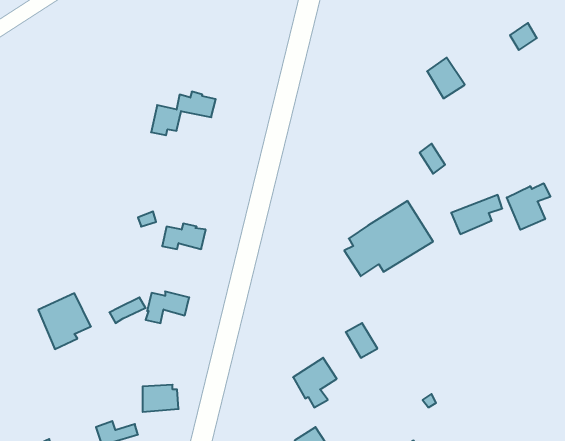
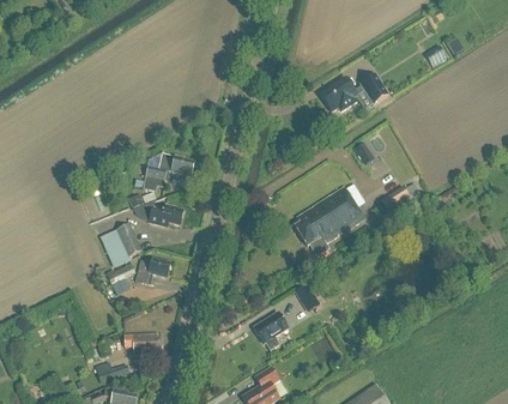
building: none -> [319,74,358,111]
building: [151,92,216,135] -> [143,155,194,189]
building: [507,183,550,230] -> none
building: [38,293,91,349] -> [101,223,143,267]

